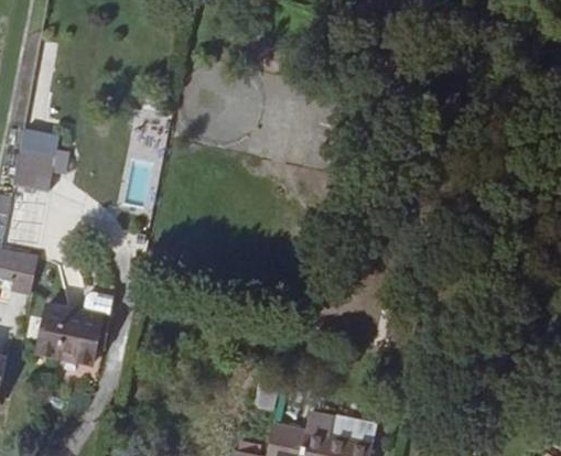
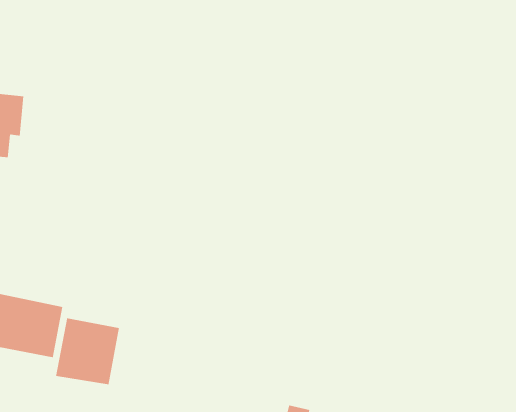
building: none -> [56,318,120,385]

